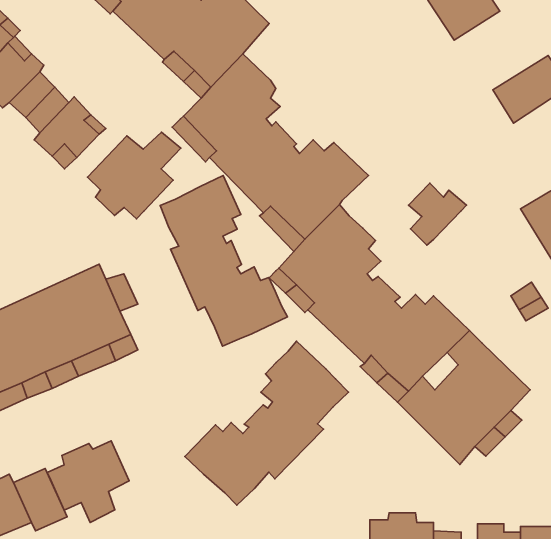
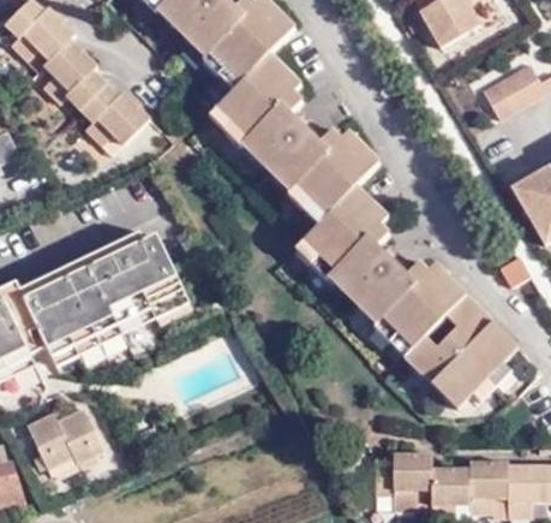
building: [87,132,181,219] -> none
building: [160,176,288,346] -> none
building: [408,183,466,245] -> none
building: [185,341,348,505] -> none
building: [47,441,129,522] -> none

